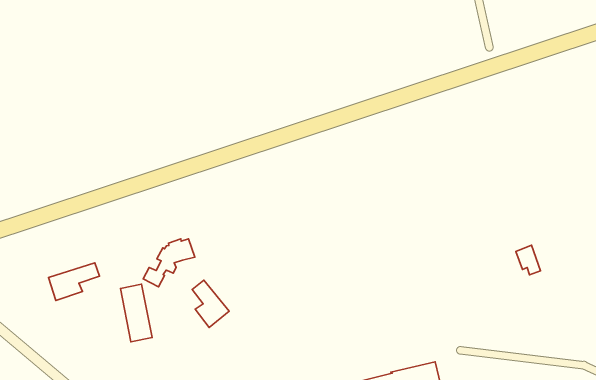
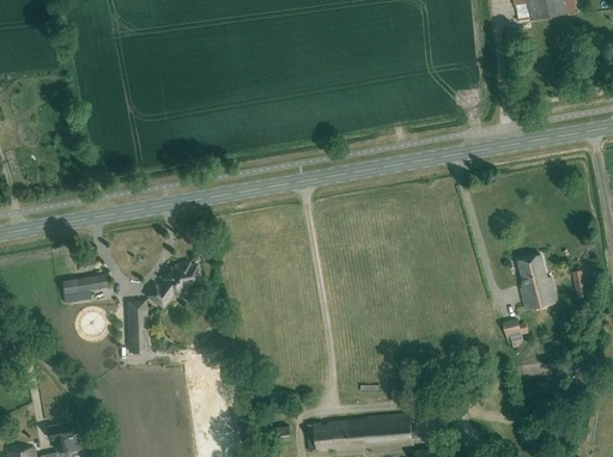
building: none -> [518,255,557,310]
building: [192,280,229,328] -> none

